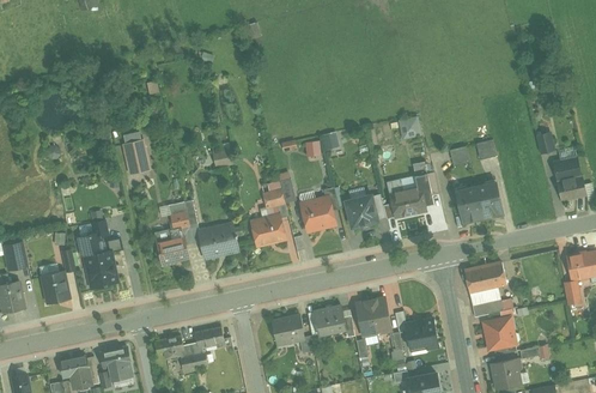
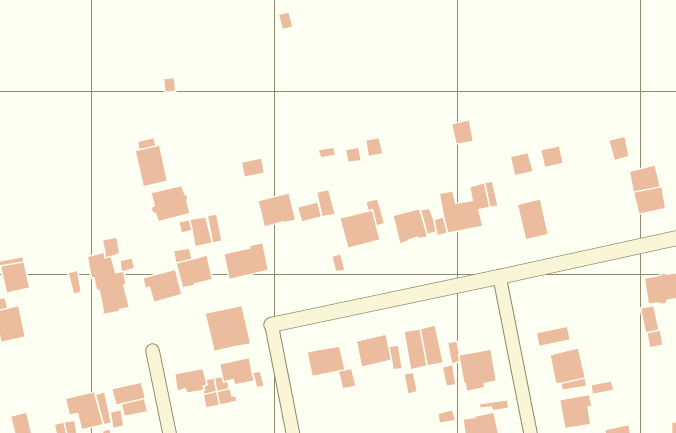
building: none -> [150,186,190,222]
building: [475,182,501,218] -> none
building: [250,214,284,246] -> [258,193,296,228]
building: none -> [143,269,182,302]
building: [464,261,506,292] -> none
building: [41,271,68,302] -> none
building: none -> [205,306,251,351]

